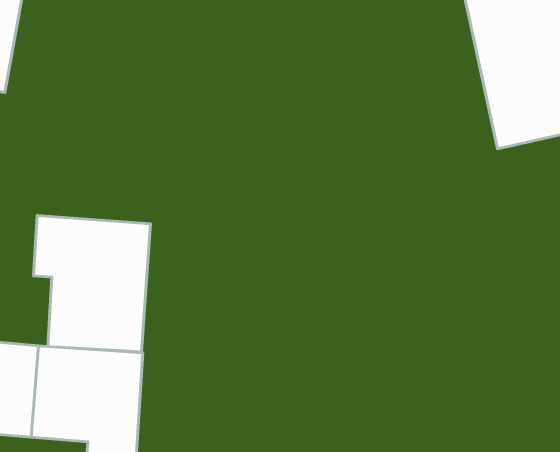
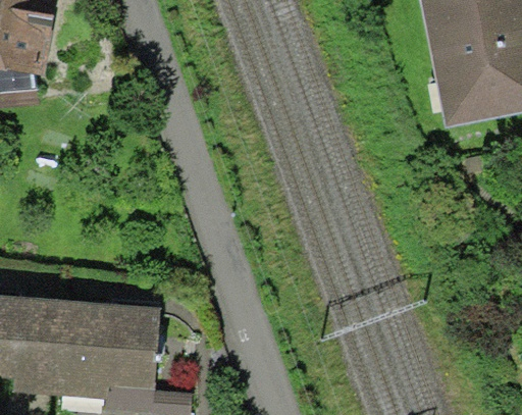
building: [33,215,150,352] -> none

